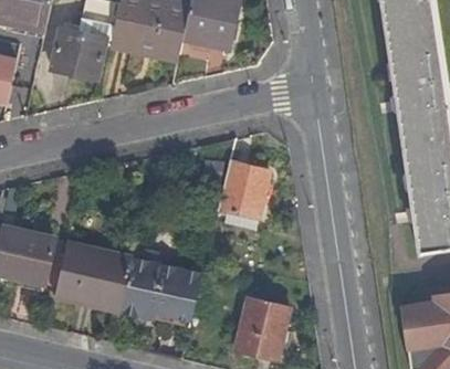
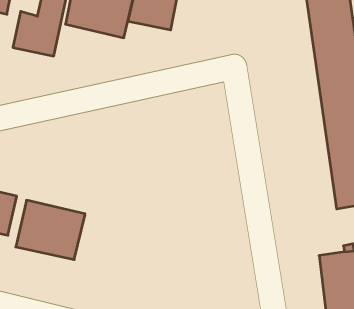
building: [219,161,272,218] -> none
building: [121,261,201,320] -> none
building: [234,298,291,359] -> none

